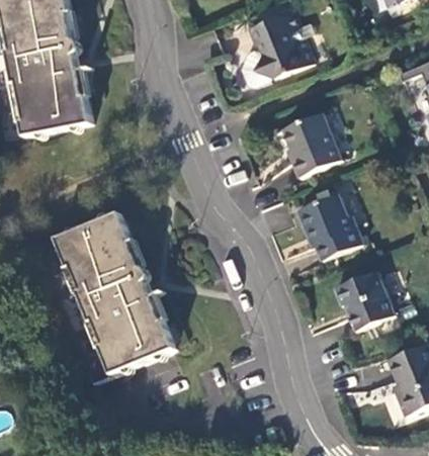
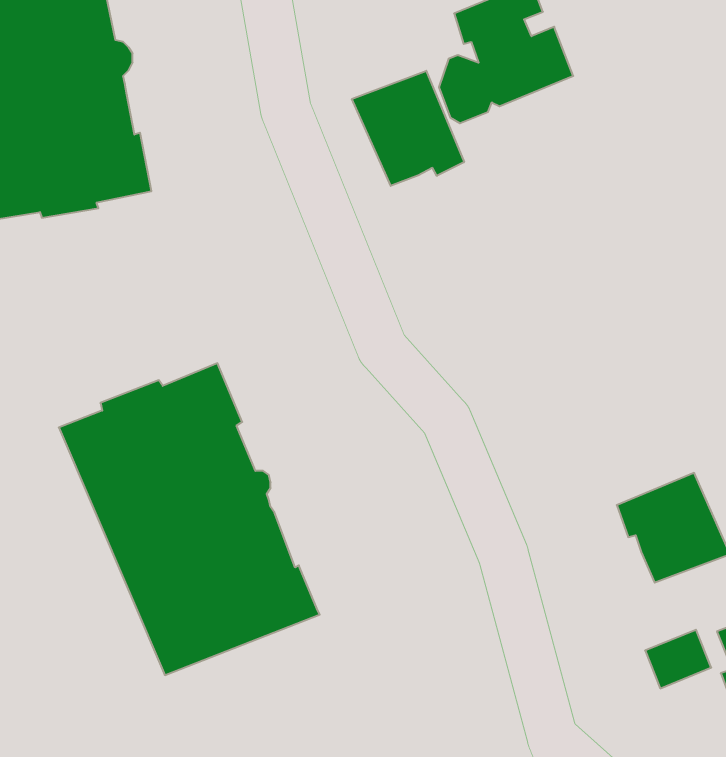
building: none -> [352,71,464,186]
building: [283,112,338,176] -> none
building: [297,193,363,259] -> none

